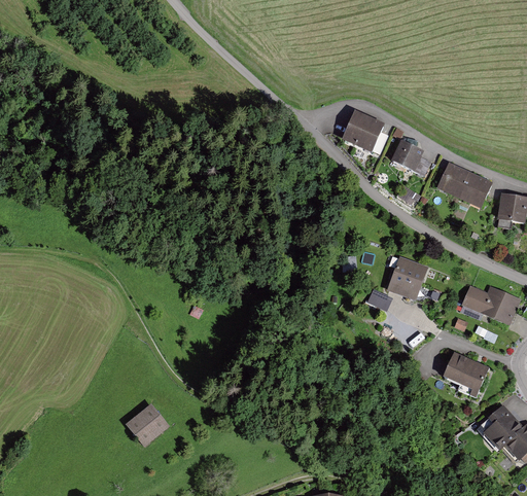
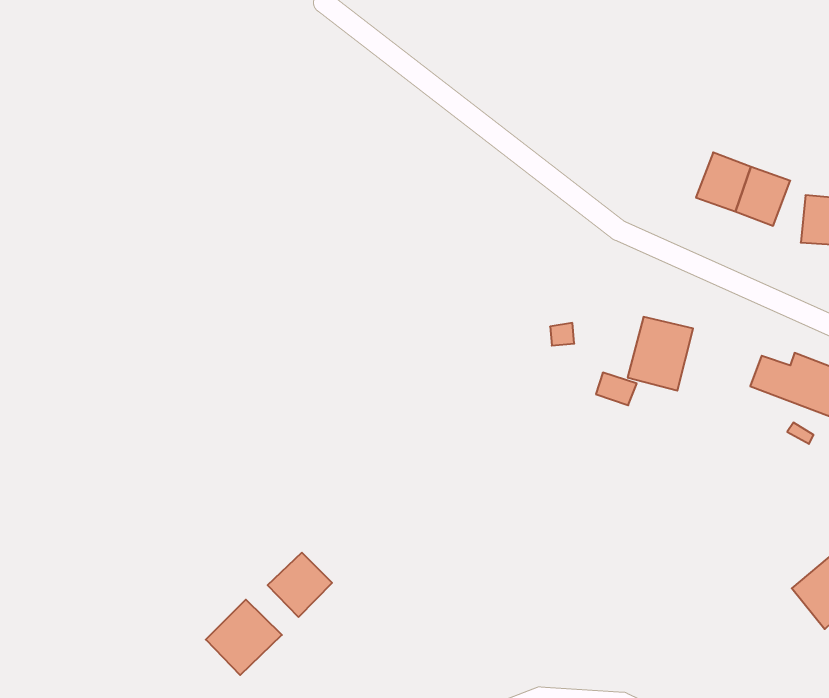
building: [342,110,384,152] -> none
building: [391,141,430,176] -> none
building: [443,352,489,398] -> none
building: none -> [268,553,332,617]

